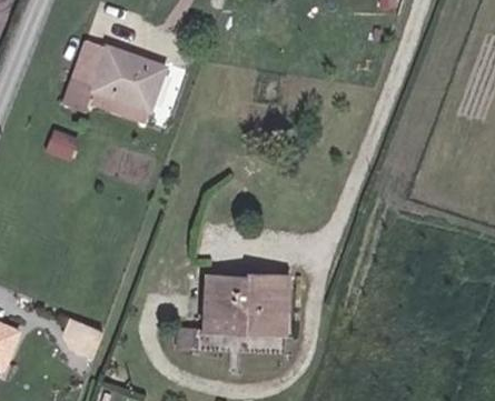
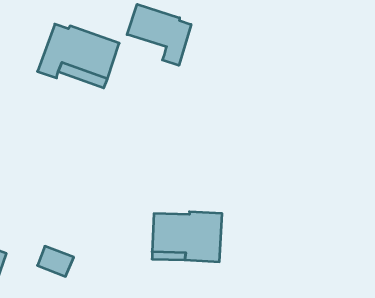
building: none -> [127,4,191,65]

